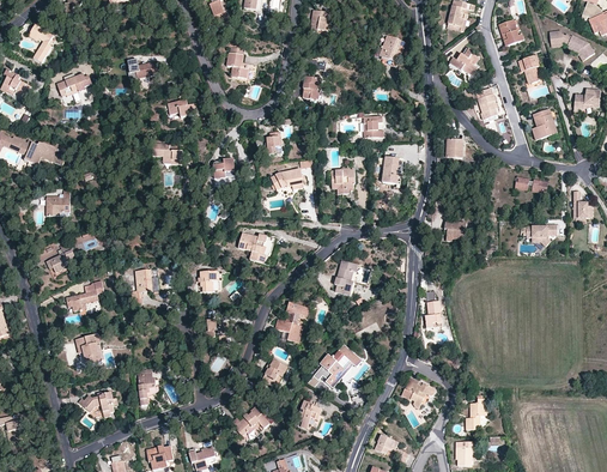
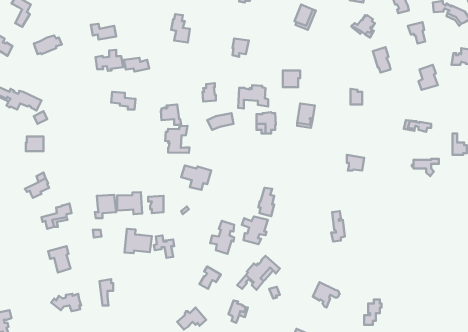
building: none -> [95,50,123,71]
building: none -> [238,85,268,108]
building: none -> [165,126,190,153]
building: none -> [117,192,142,214]
building: none -> [242,216,268,244]
building: none -> [125,229,152,253]

